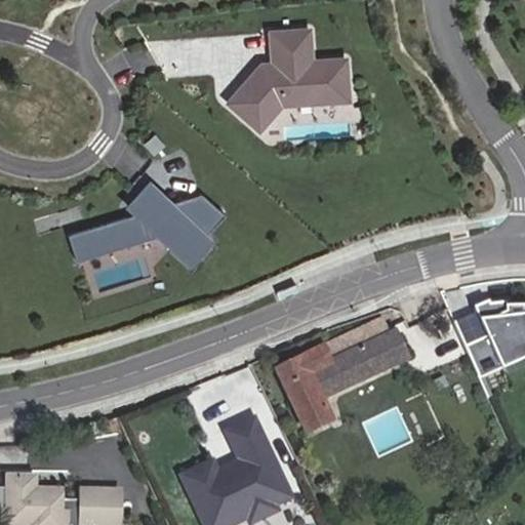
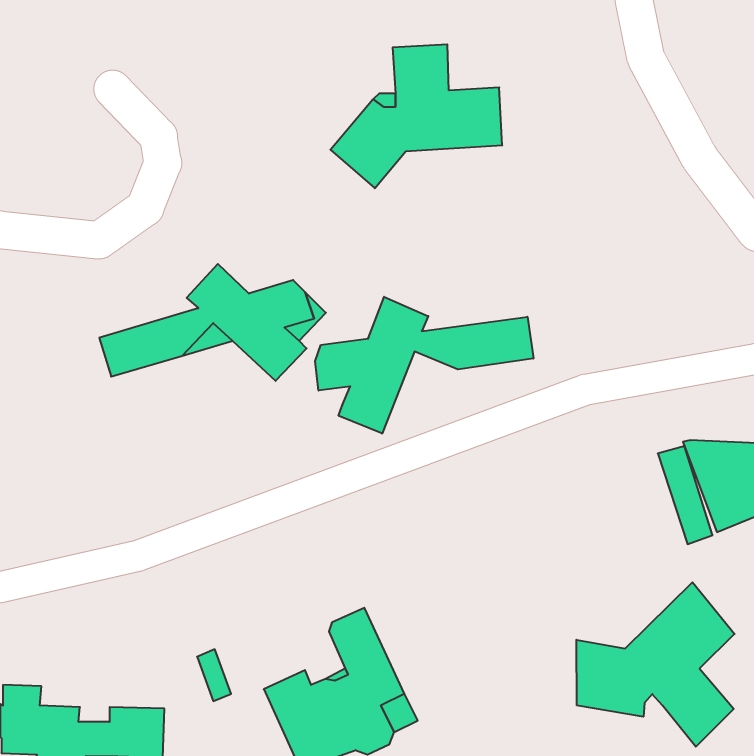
building: none -> [315,297,533,434]
building: [278,320,406,435] -> none
building: none -> [576,582,735,747]

